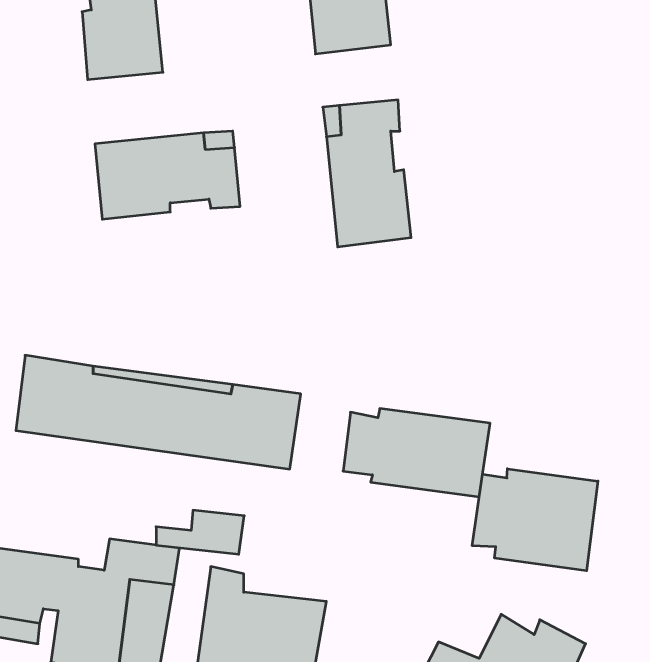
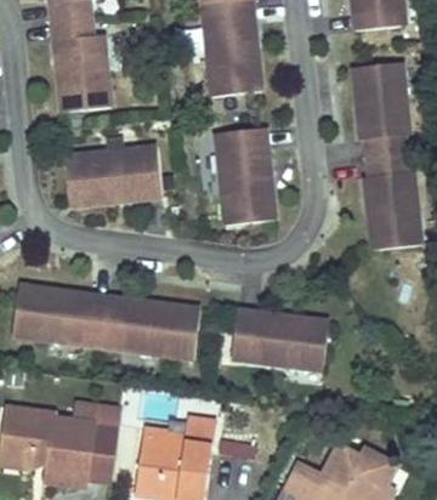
building: none -> [353,61,420,248]
building: [472,469,598,571] -> none
building: [156,510,244,554] -> [163,415,221,444]

